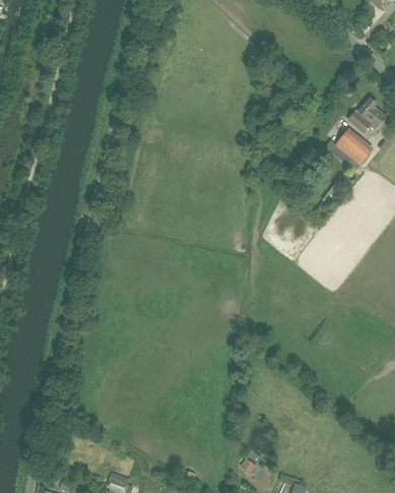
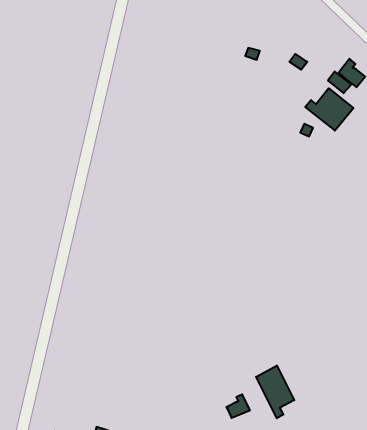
building: none -> [256,366,294,418]

